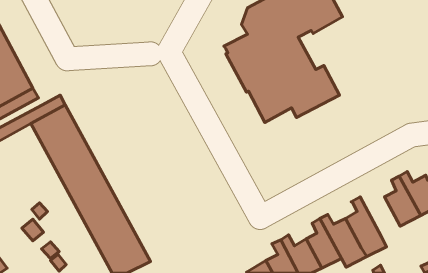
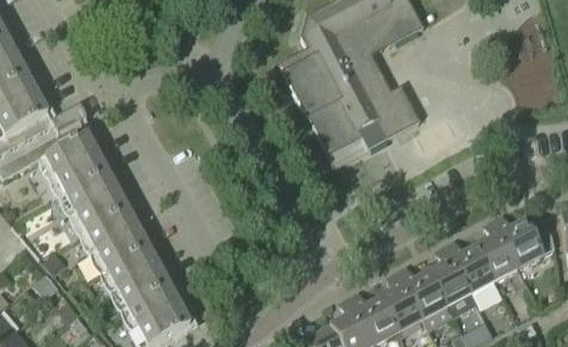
building: none -> [445,238,494,292]

